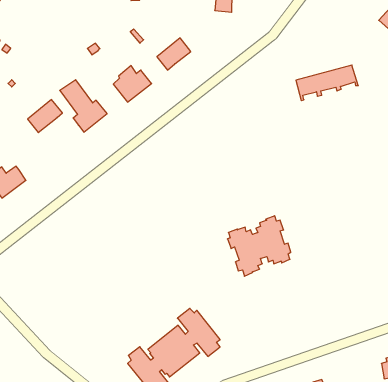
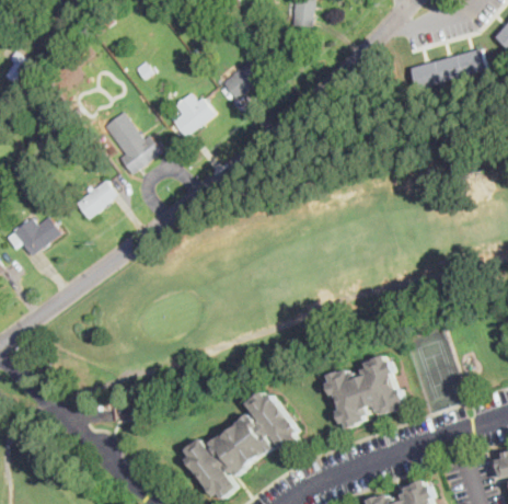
building: [296,65,358,101] -> [409,49,486,93]
building: [28,100,62,133] -> [73,180,116,220]
building: [227,216,291,276] -> [325,355,403,429]

